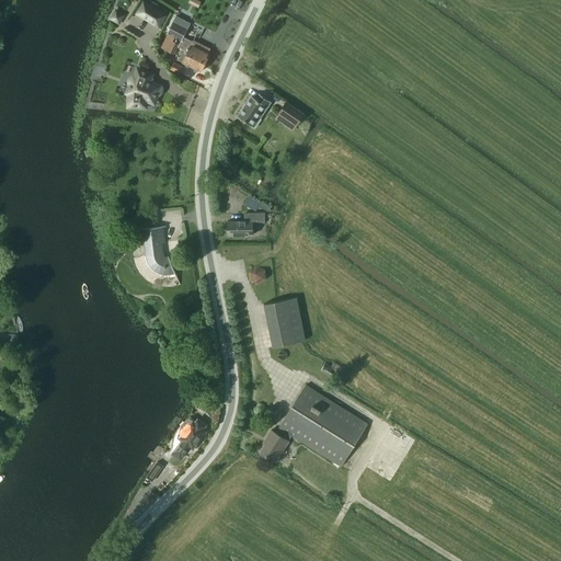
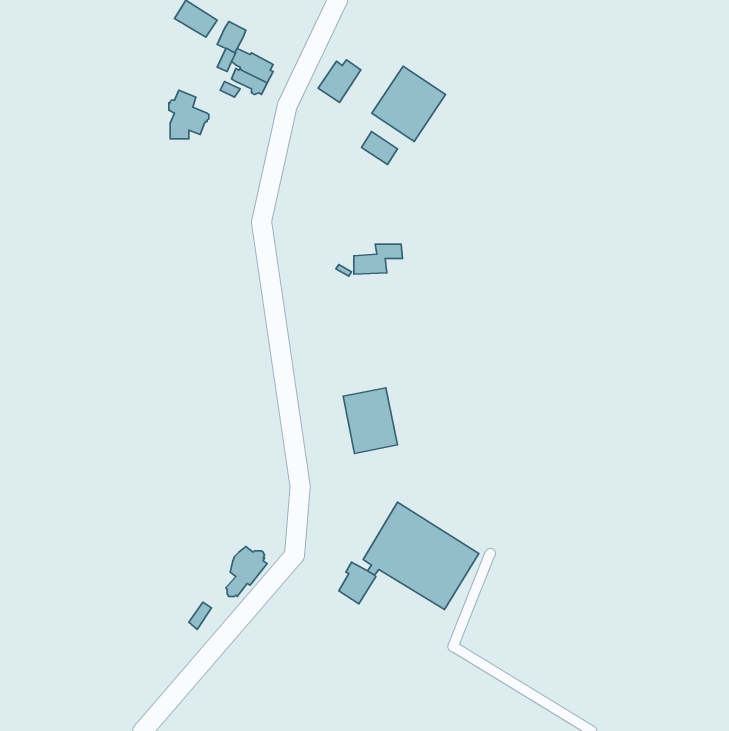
building: none -> [372,66,446,142]
building: [237,94,270,127] -> [318,60,361,103]
building: [227,213,264,236] -> [354,244,402,274]
building: [136,226,175,275] -> none

